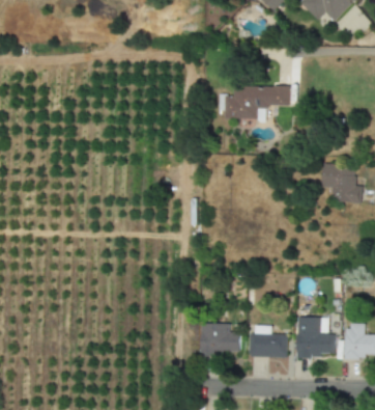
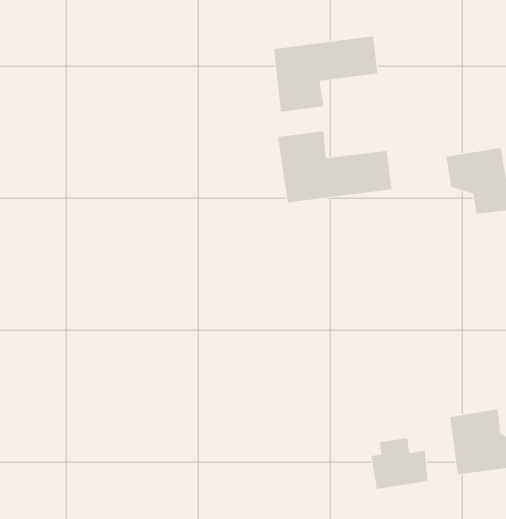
building: none -> [278,130,392,203]
building: [201,326,240,352] -> none

